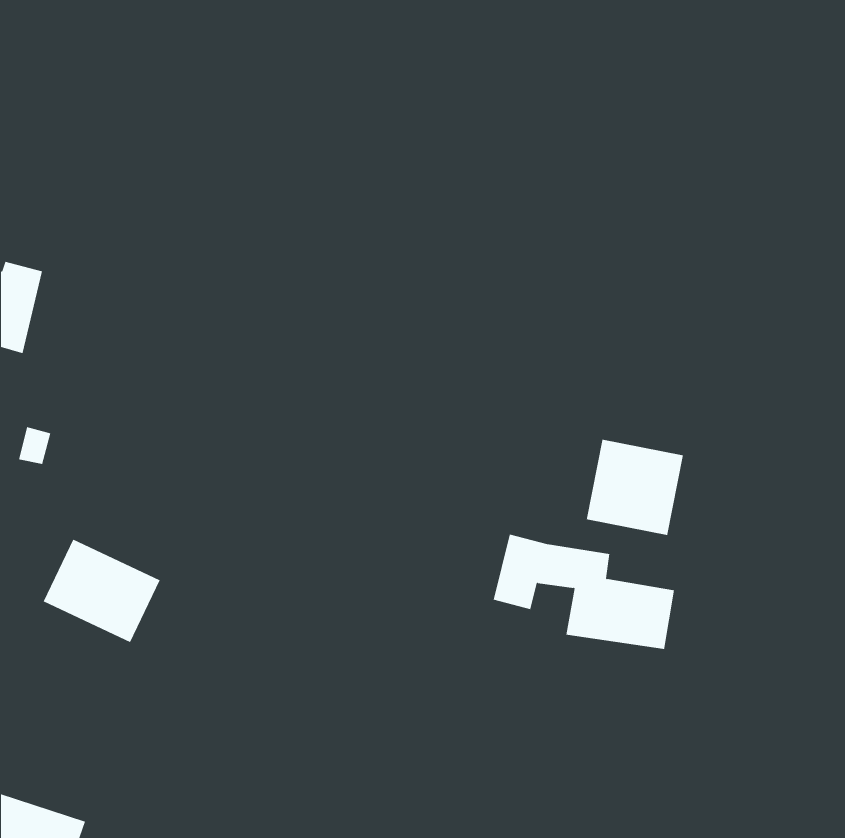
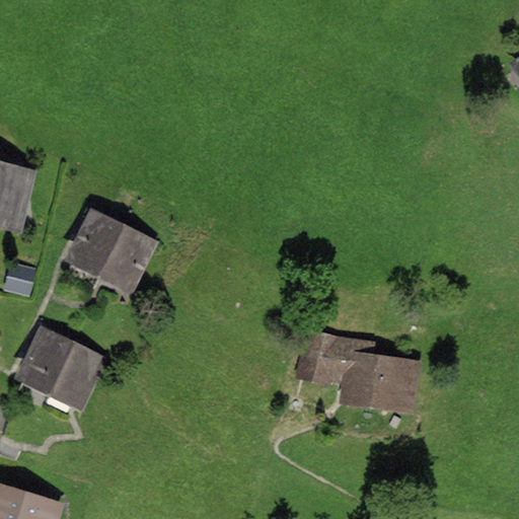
building: none -> [77,217,149,282]
building: [586,439,683,536] -> none

